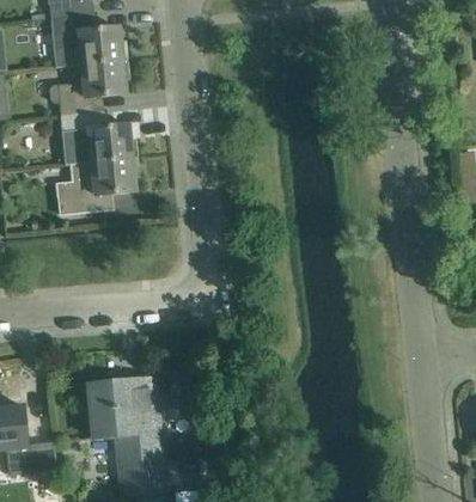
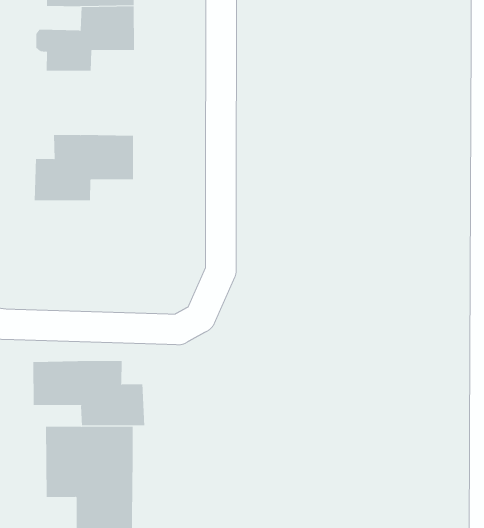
building: [61,111,133,160] -> none
building: none -> [33,360,145,426]

